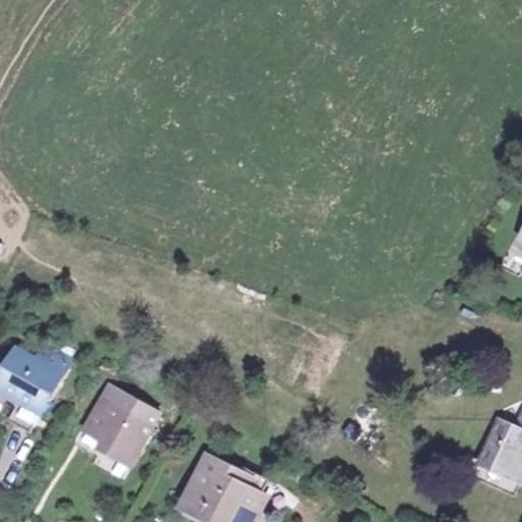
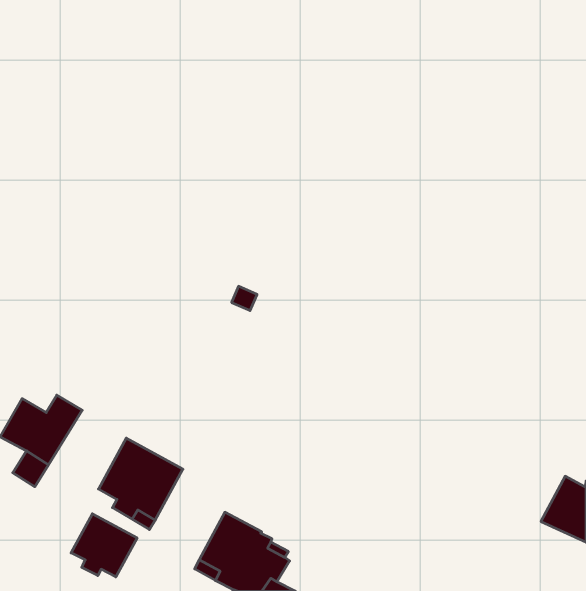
building: none -> [71,514,137,577]

